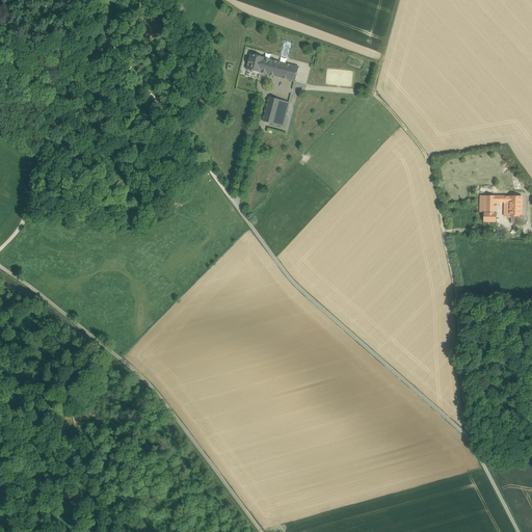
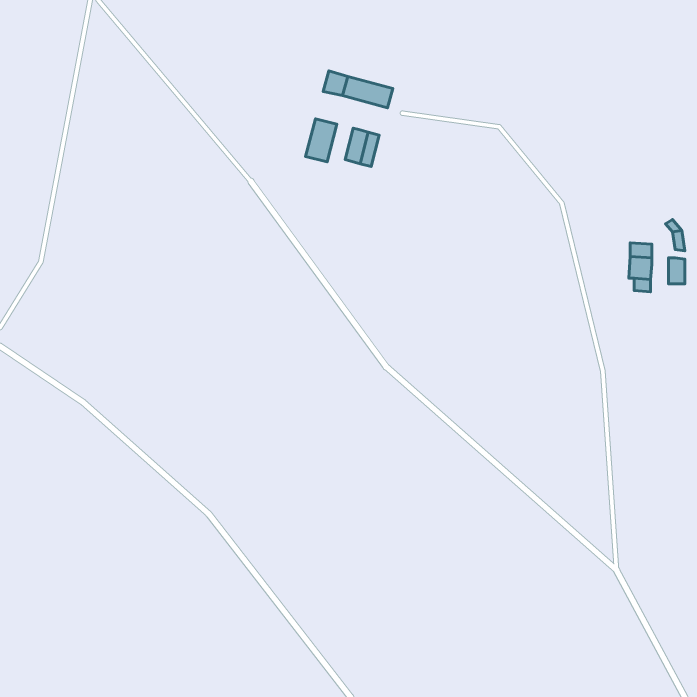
building: none -> [306,119,337,162]

